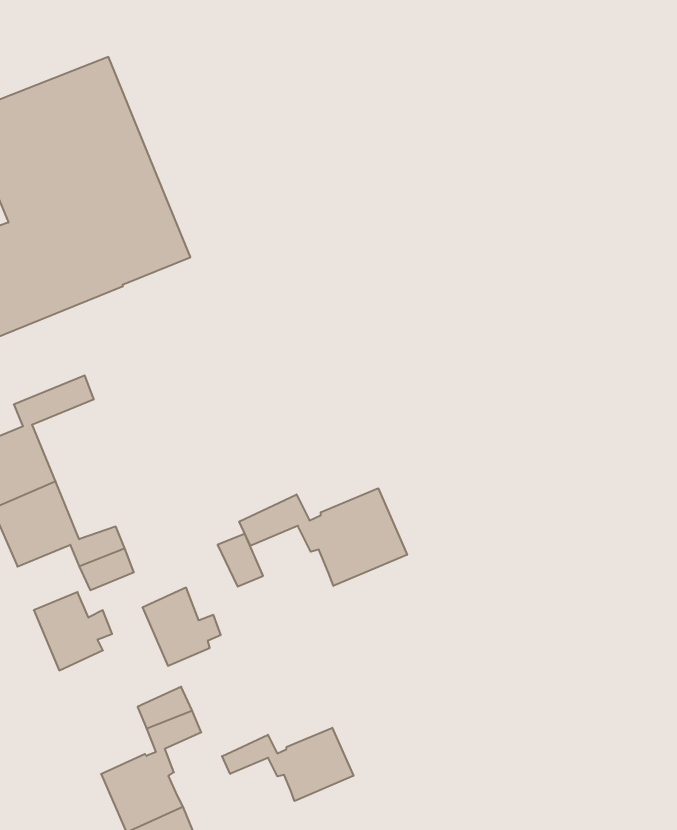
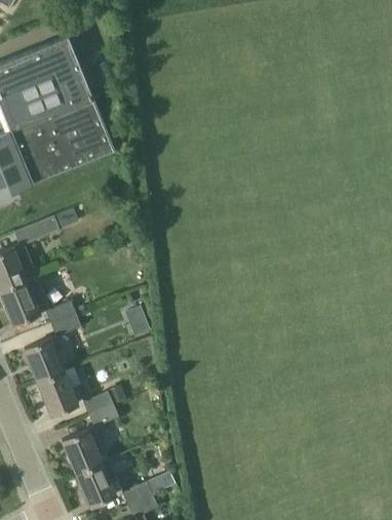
building: [239,488,407,586] -> none
building: [142,588,221,666] -> [38,372,82,416]
building: [222,728,353,801] -> none

